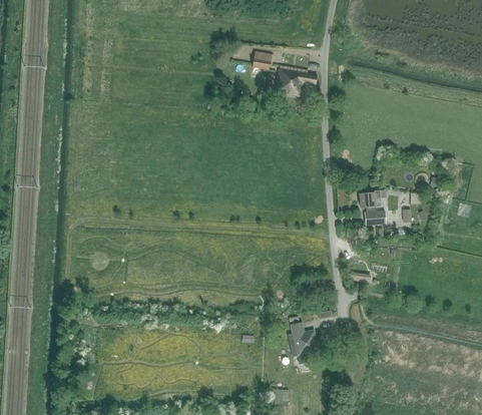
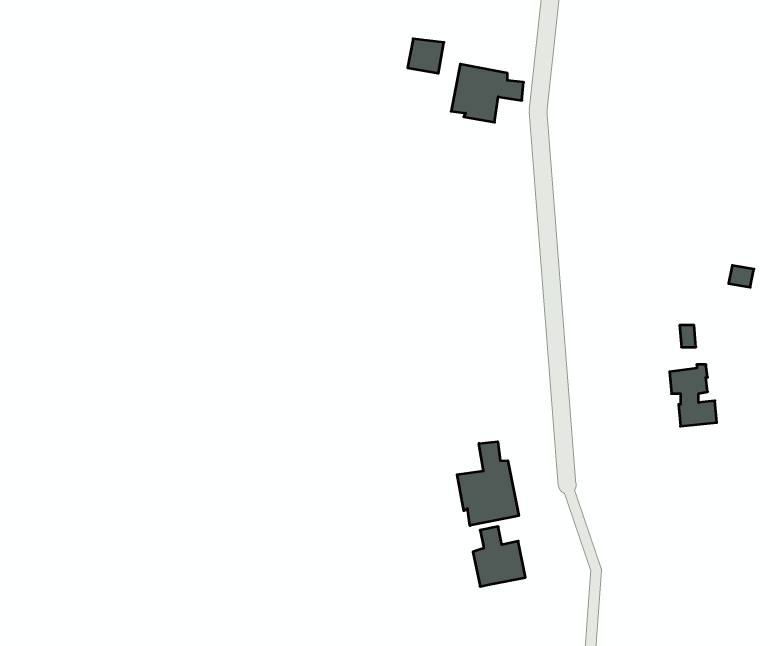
building: [360,190,386,225] -> [670,365,717,426]
building: none -> [457,442,519,526]

